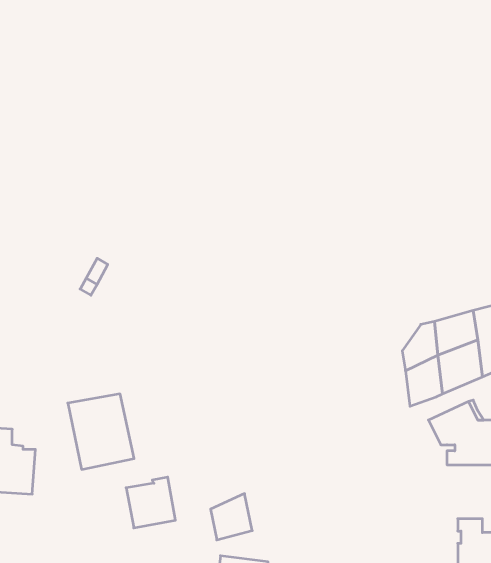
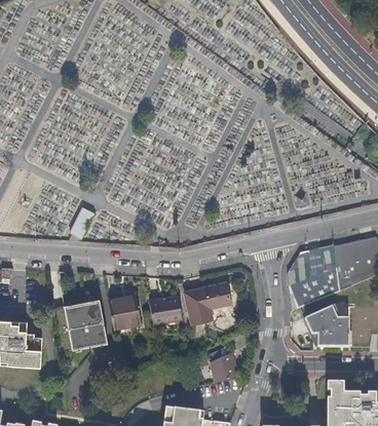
building: none -> [186,283,231,324]
building: none -> [149,293,183,322]
building: [126,477,175,528] -> [110,295,143,328]
building: [211,494,252,540] -> [210,350,237,381]

